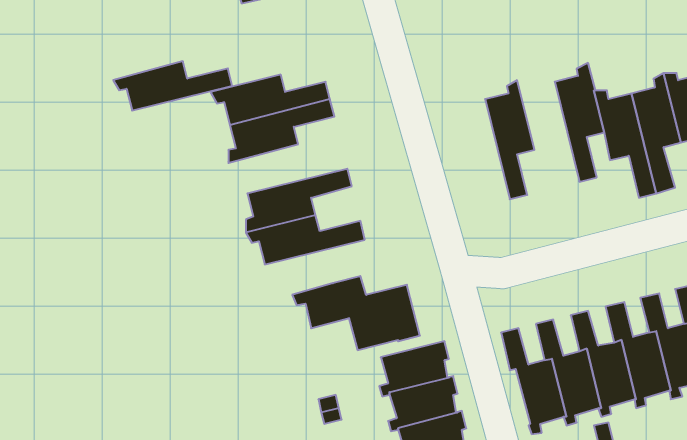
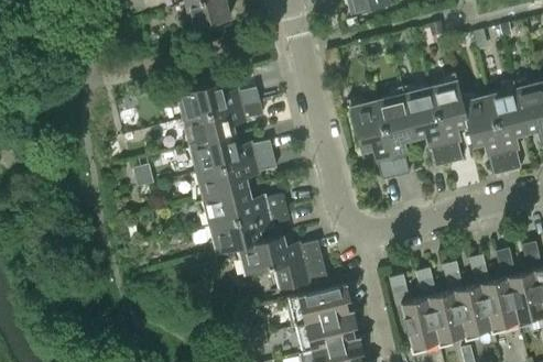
building: [113,61,232,111] -> [183,134,273,172]
building: none -> [402,86,449,166]
building: none -> [349,99,397,179]
building: none -> [209,207,291,254]

